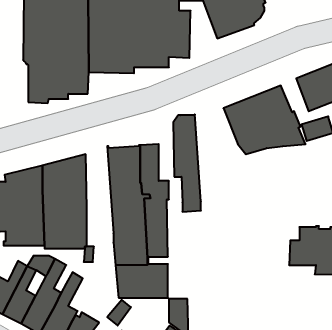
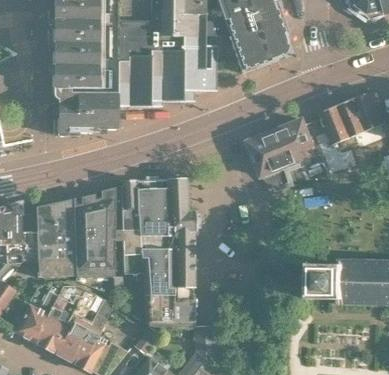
building: [173,114,201,212] -> [113,178,140,273]

